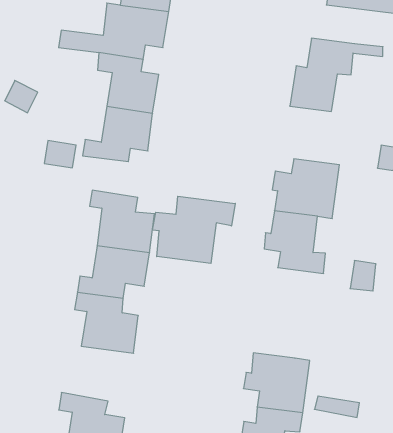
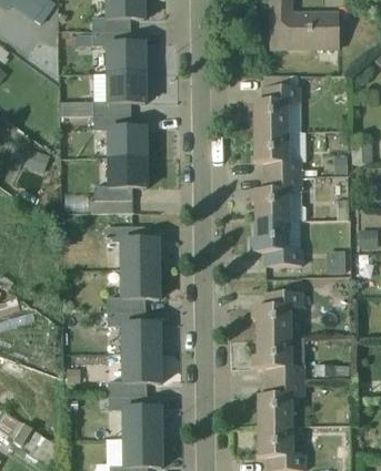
building: none -> [255,133,303,176]
building: [152,196,235,263] -> none
building: none -> [253,293,303,338]
building: none -> [108,354,161,396]

